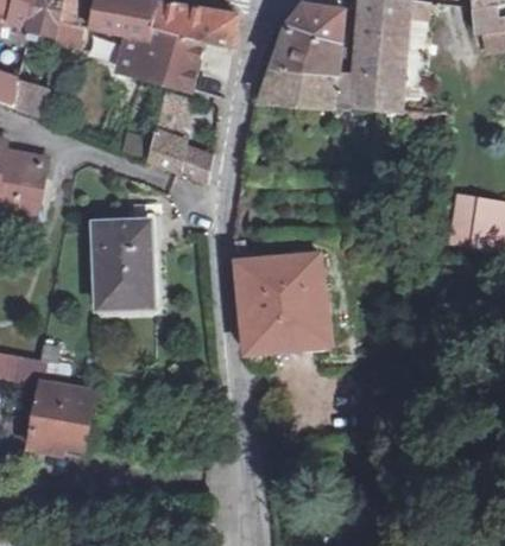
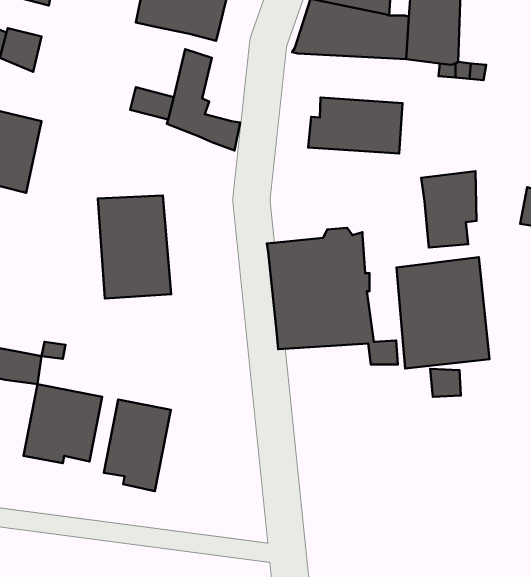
building: none -> [308,98,403,154]
building: none -> [421,171,476,247]
building: none -> [396,257,490,369]
building: none -> [104,400,171,491]

